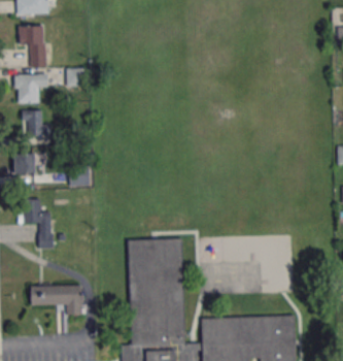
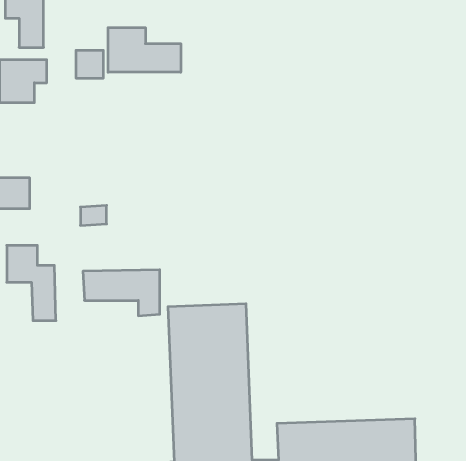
building: none -> [108,28,181,72]
building: [24,110,52,143] -> none
building: [30,285,81,316] -> [83,270,160,316]

